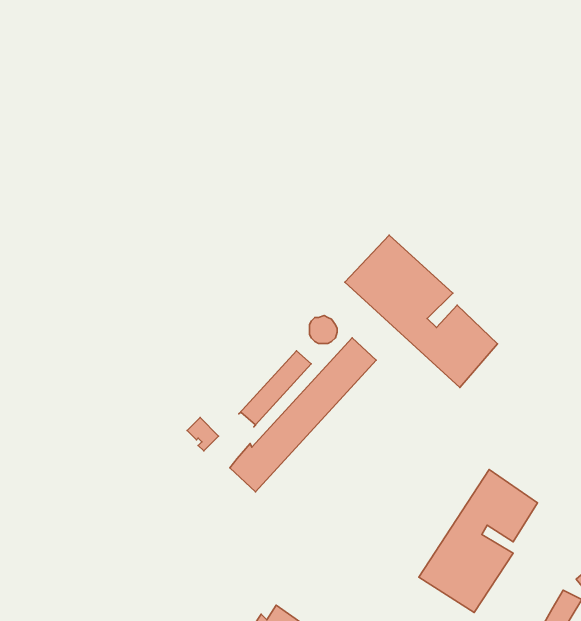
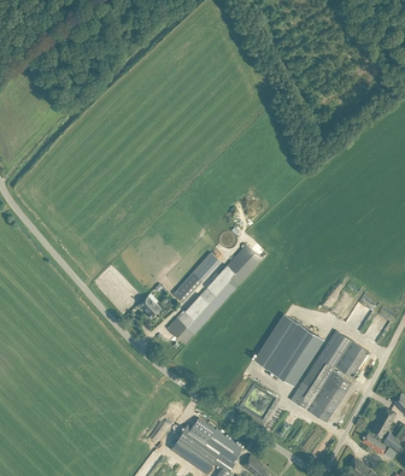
building: [345,235,497,388] -> none
building: none -> [254,313,322,384]

